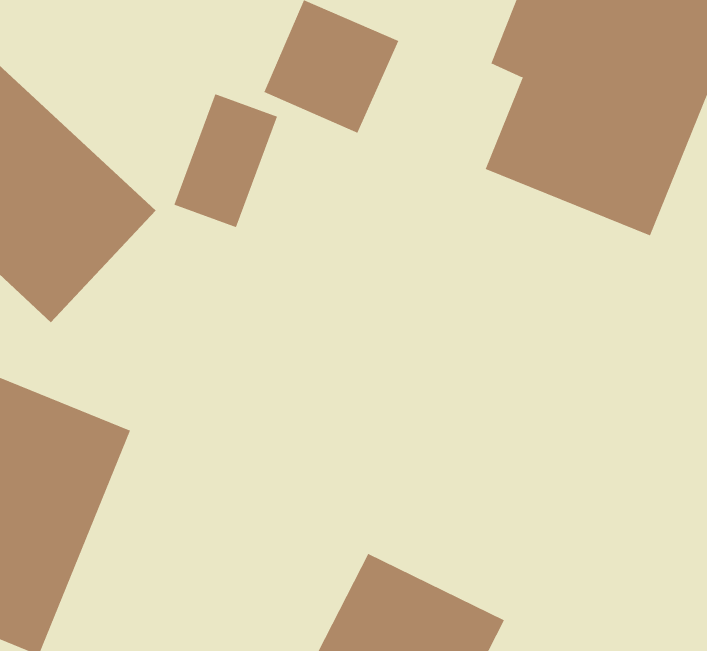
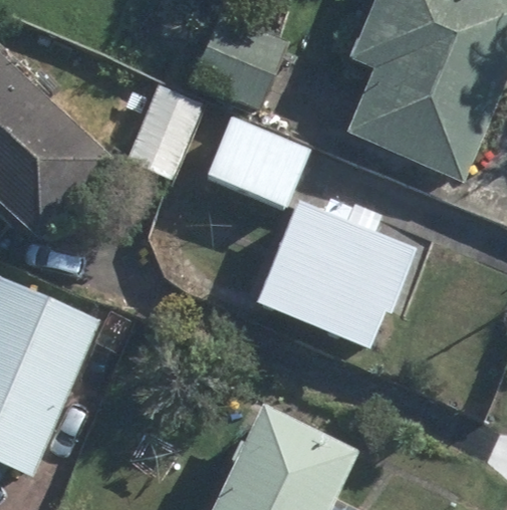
building: none -> [204,114,310,208]
building: none -> [256,201,416,351]

